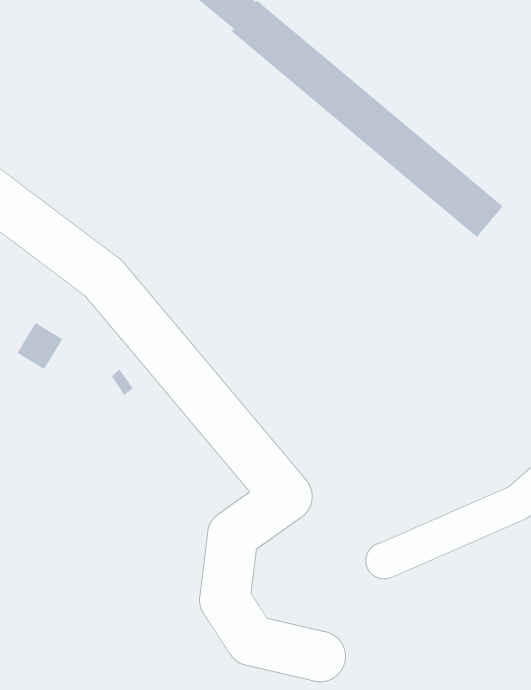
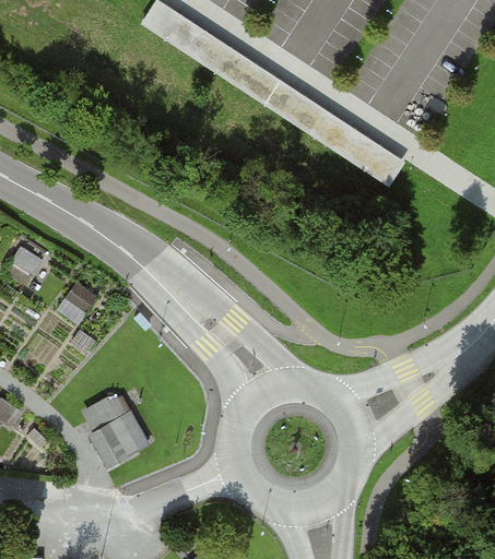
building: none -> [84,397,149,471]

